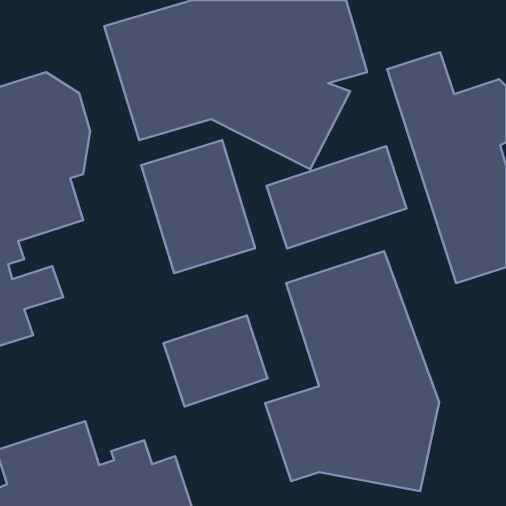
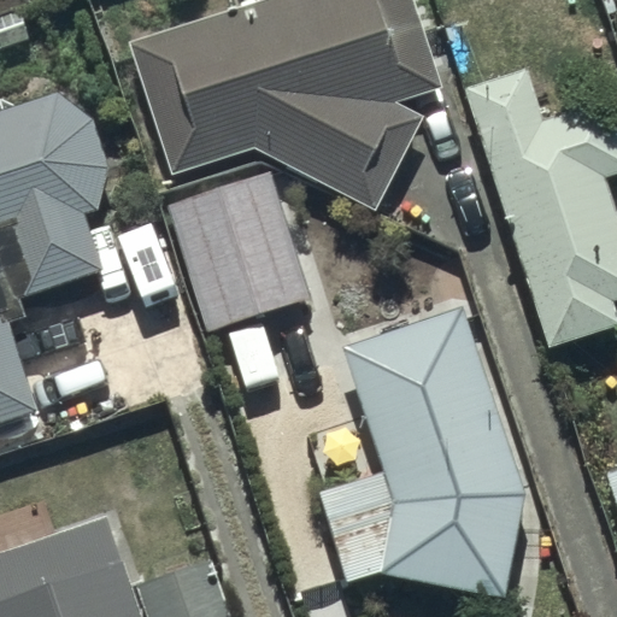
building: [267,146,407,248] -> none
building: [164,315,268,406] -> none

